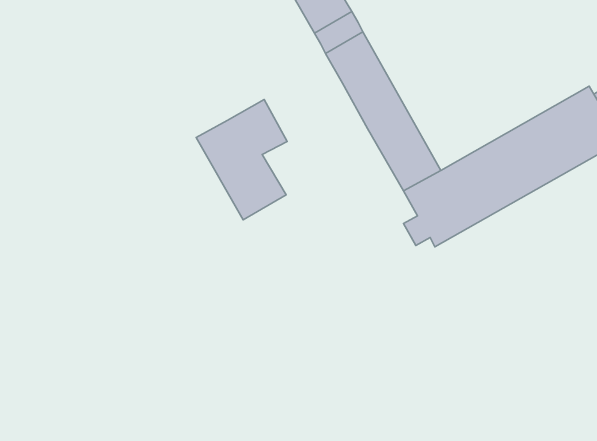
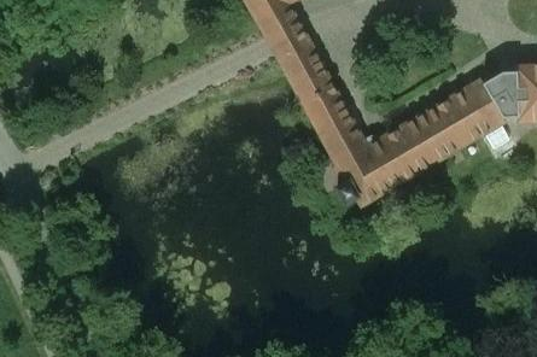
building: [196,100,287,220] -> none

